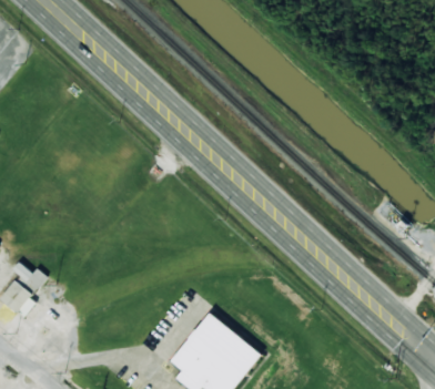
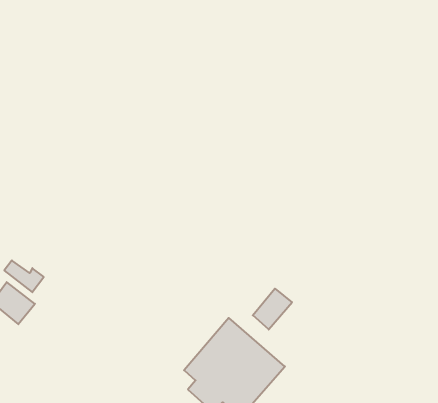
building: none -> [253,289,292,330]

